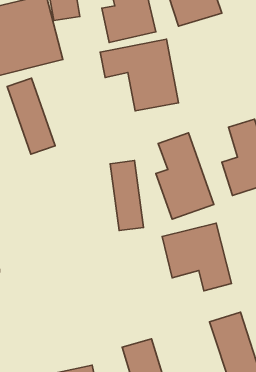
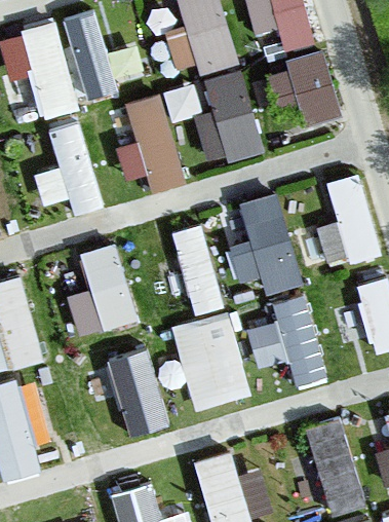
building: none -> [263,50,341,128]
building: none -> [126,92,183,193]
building: none -> [67,241,139,340]
building: none -> [170,311,250,411]
building: none -> [104,346,169,436]

